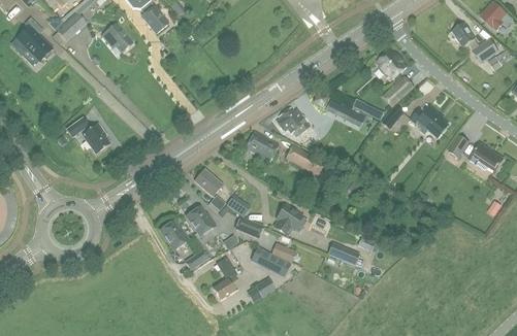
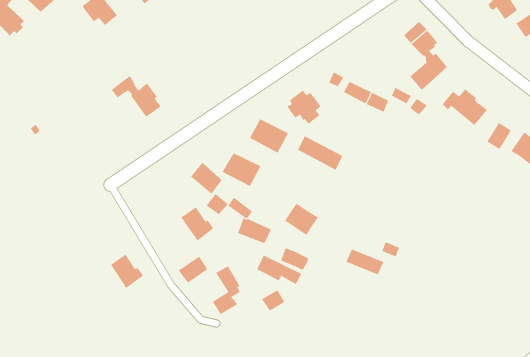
building: [66,116,109,153] -> [111,75,162,117]
building: none -> [222,152,261,187]
building: [160,221,189,250] -> [110,254,144,289]

